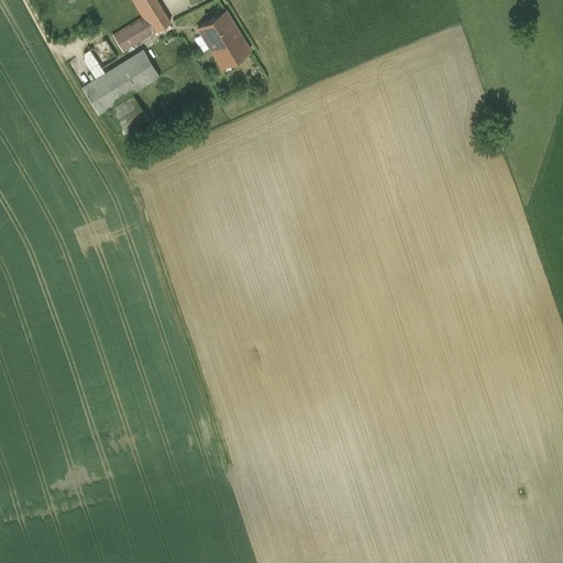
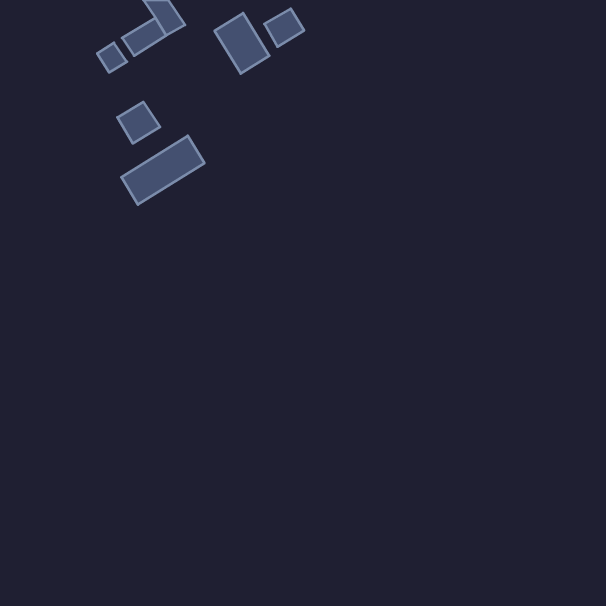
building: none -> [264,9,304,47]
building: [81,51,158,114] -> [121,136,204,205]

